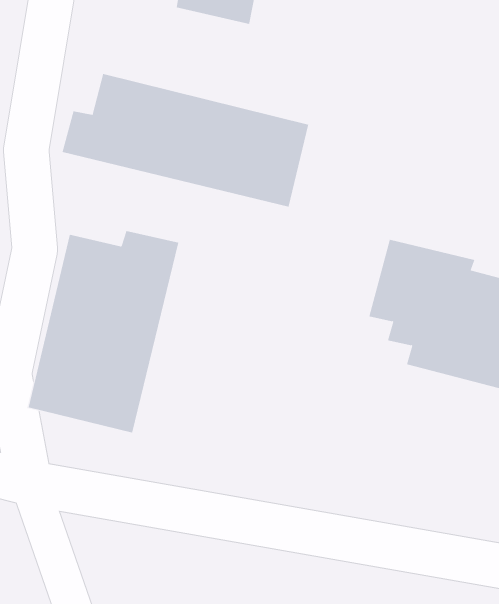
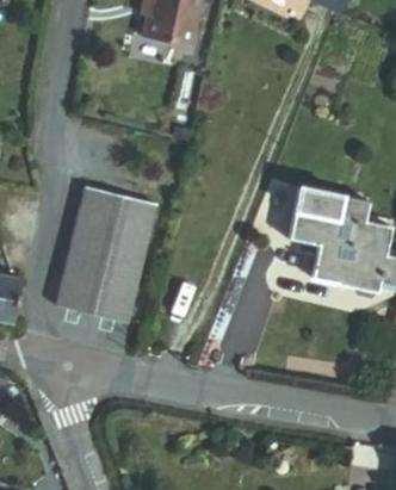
building: [62,73,309,208] -> none

